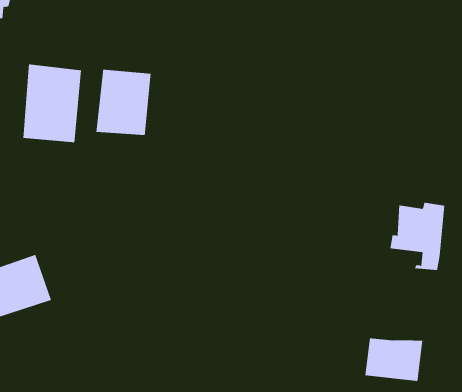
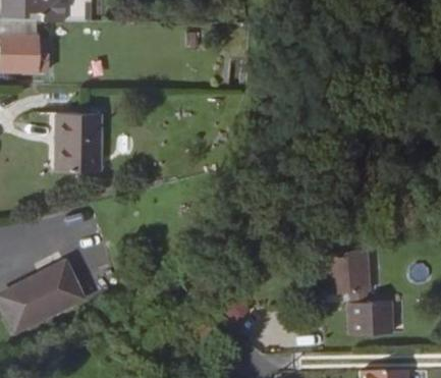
building: [96,69,151,136] -> none
building: [389,202,445,271] -> [327,252,369,306]

